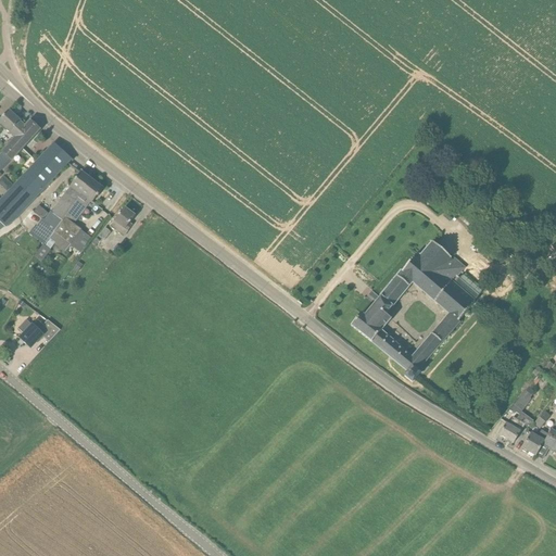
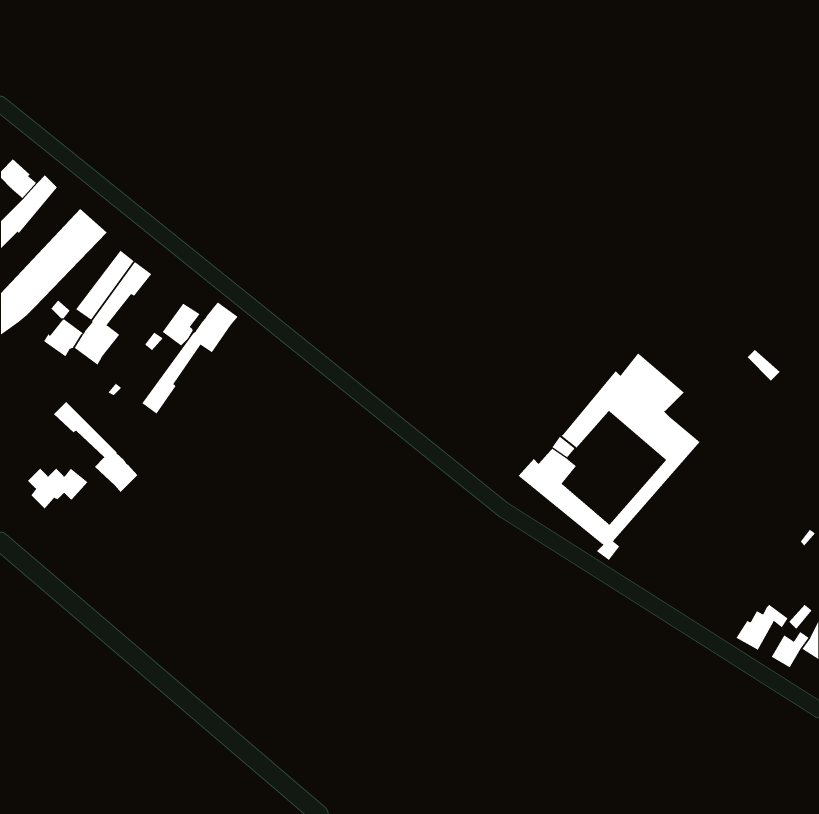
building: none -> [141,301,238,414]
building: none -> [53,401,138,493]

